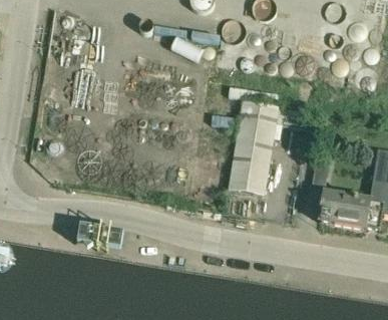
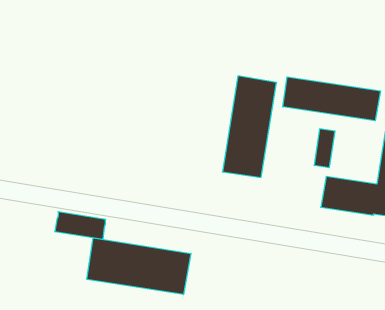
building: none -> [283,77,380,121]
building: none -> [87,238,191,295]

